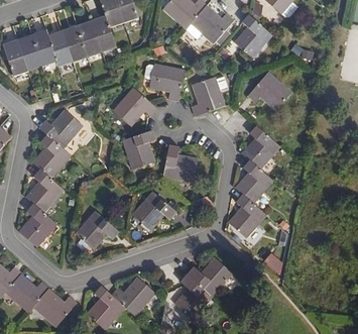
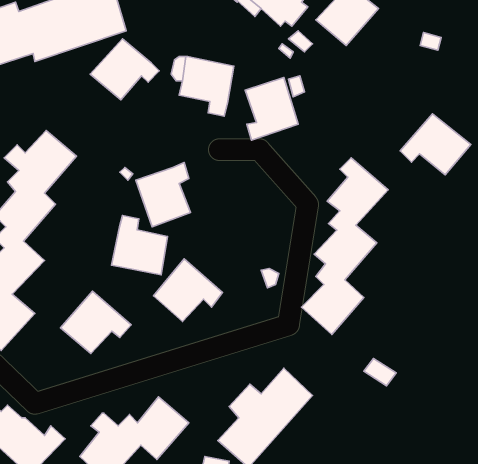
building: [247,72,291,110] -> [400,114,471,175]
building: [112,88,155,126] -> [90,39,159,100]
building: [162,145,198,183] -> [111,216,168,275]

